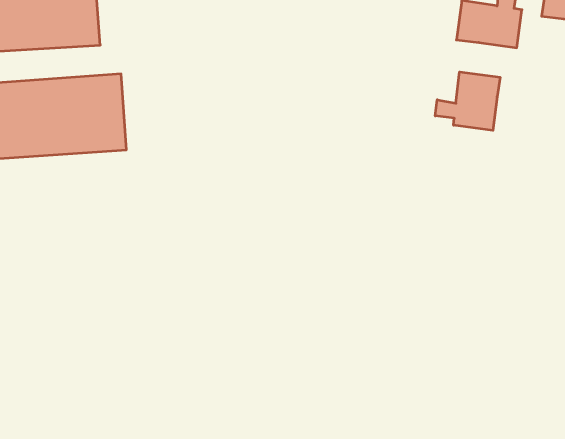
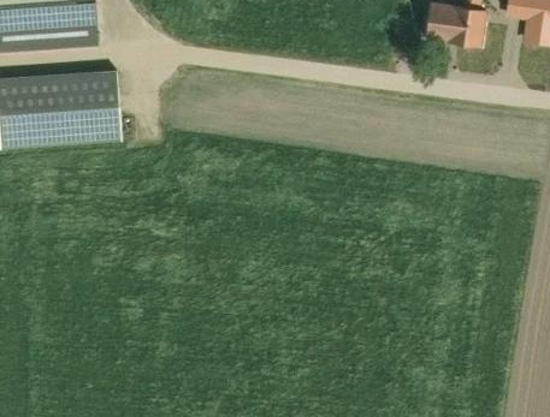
building: [435,72,500,130] -> none

